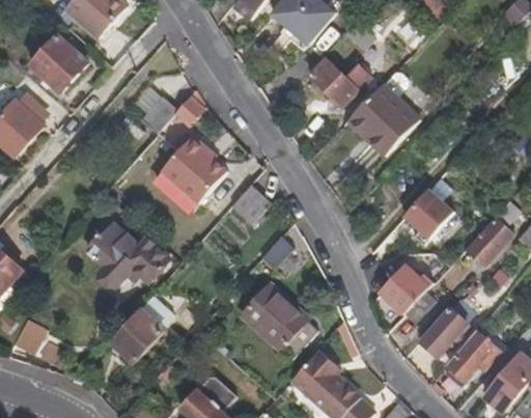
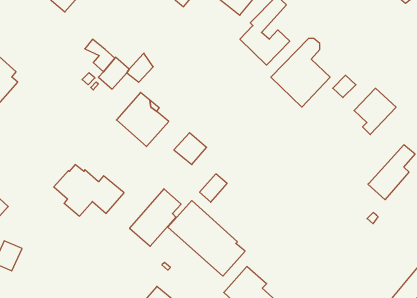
building: [29,37,84,93] -> none
building: [402,190,453,246] -> [354,88,396,135]
building: [381,267,430,313] -> none
building: [108,297,170,366] -> [130,189,181,246]
building: [420,308,467,358] -> none
building: [450,334,499,382] -> none

